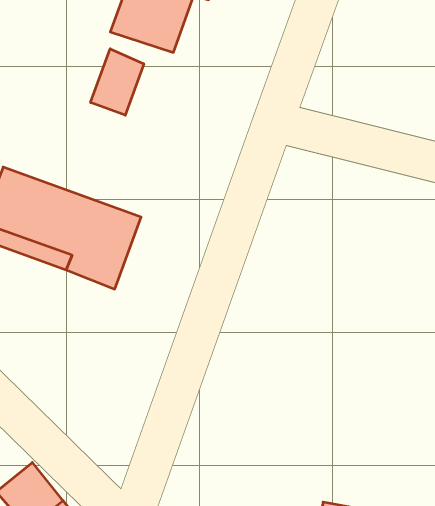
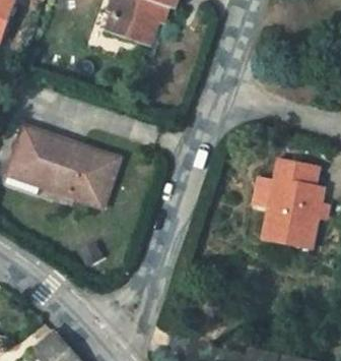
building: [91,49,144,115] -> none
building: none -> [261,162,321,248]

